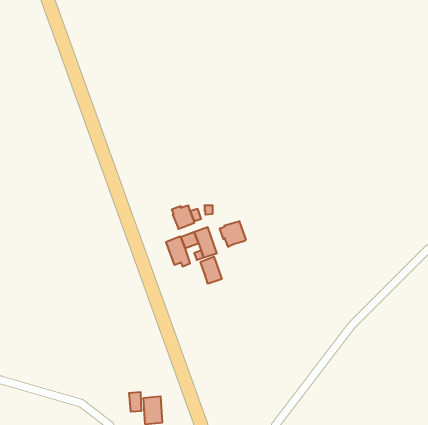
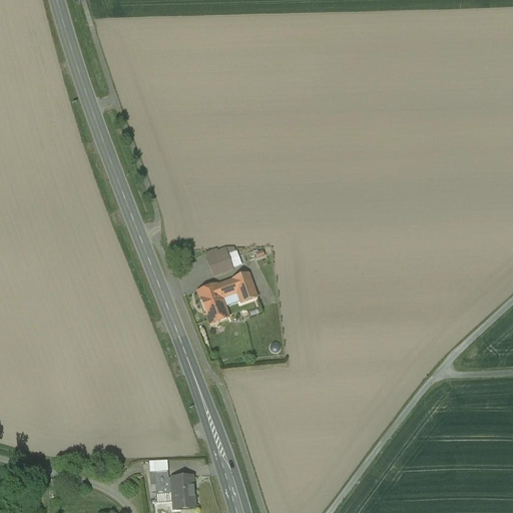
building: [220,221,246,247] -> none
building: [201,257,222,284] -> none

